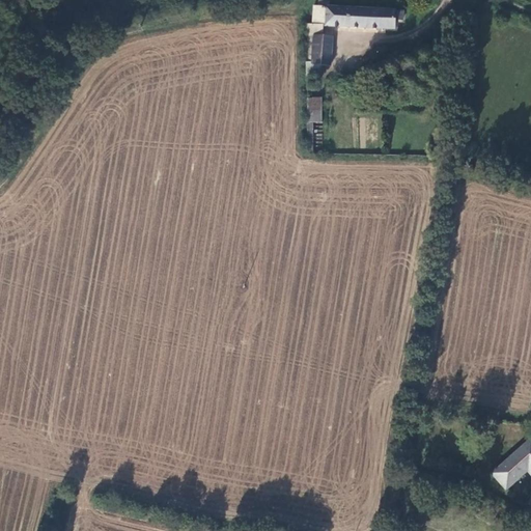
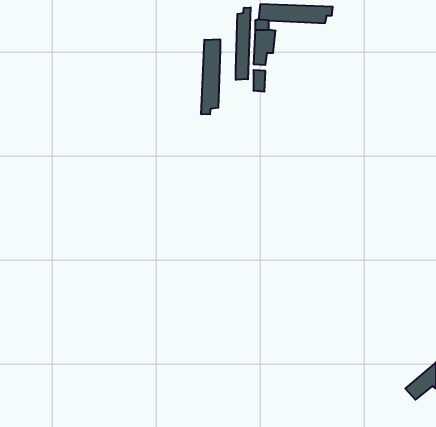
building: none -> [236,7,251,80]
building: none -> [201,39,220,114]

